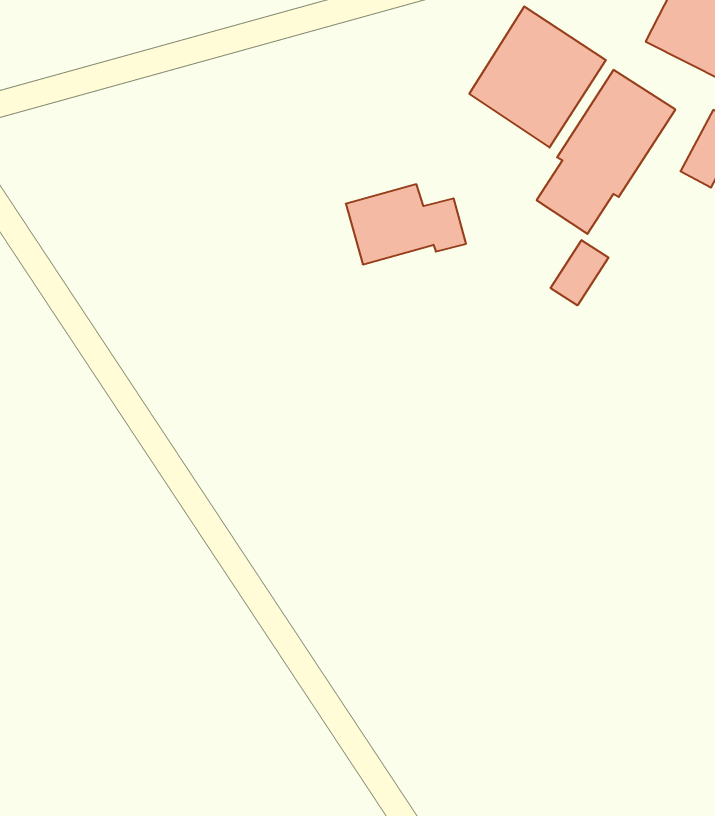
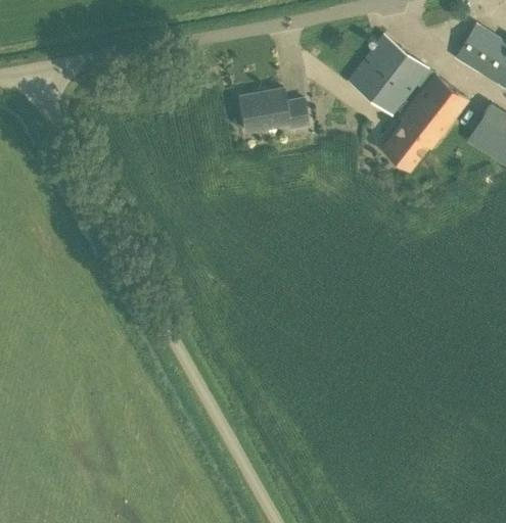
building: [346,184,466,264] -> [240,88,310,133]
building: [551,240,608,305] -> none

